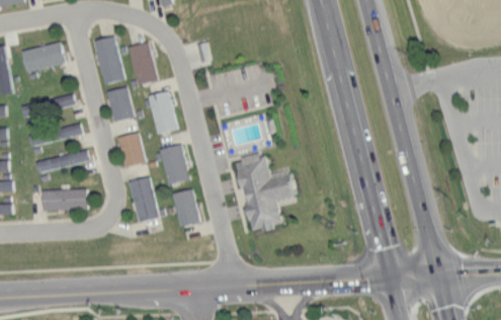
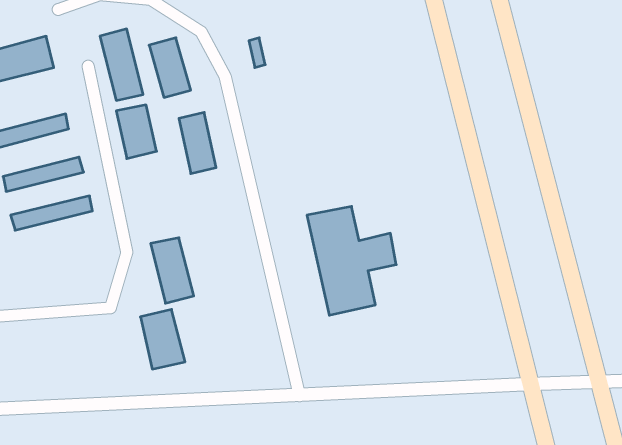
building: [118,133,147,169] -> none
building: [161,146,190,183] -> none
building: [173,188,203,229] -> [140,309,185,369]
building: [43,190,87,212] -> none

